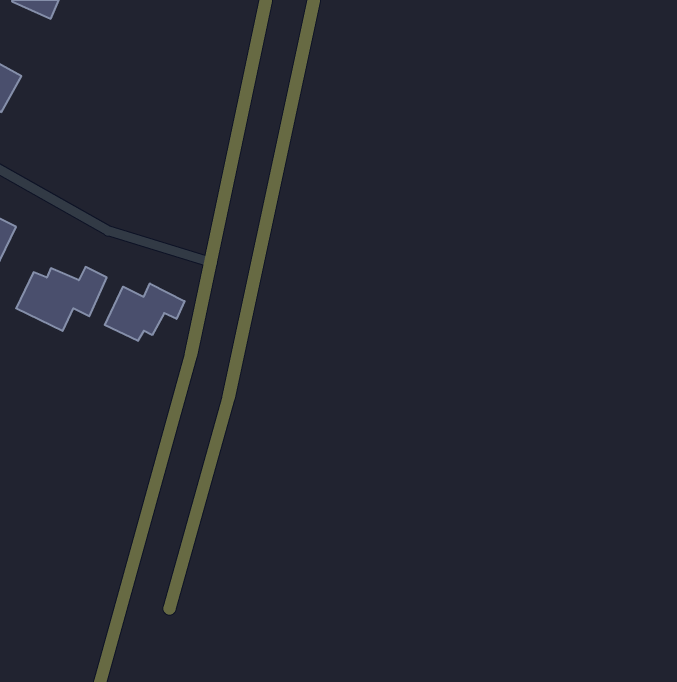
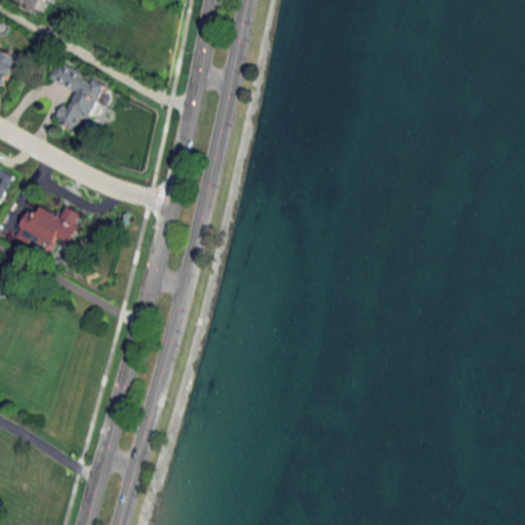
building: none -> [53,64,105,129]
building: [105,283,185,341] -> none

